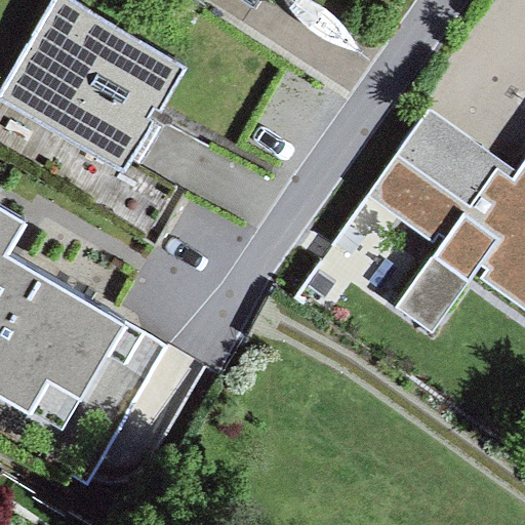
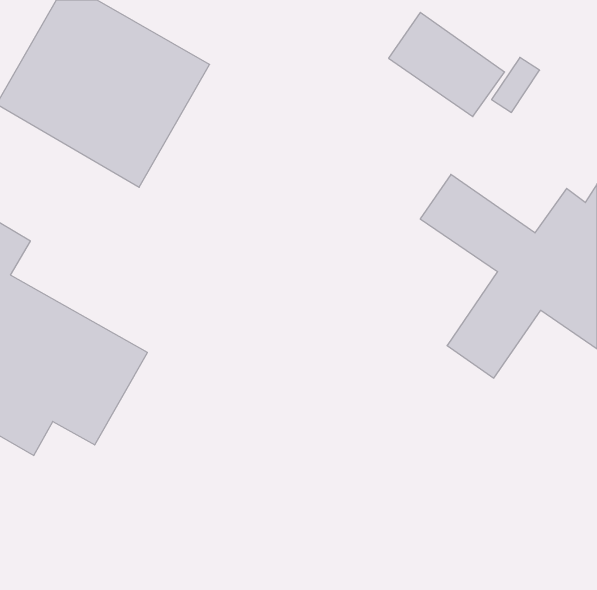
building: [395,120,496,211] -> [389,12,505,117]

